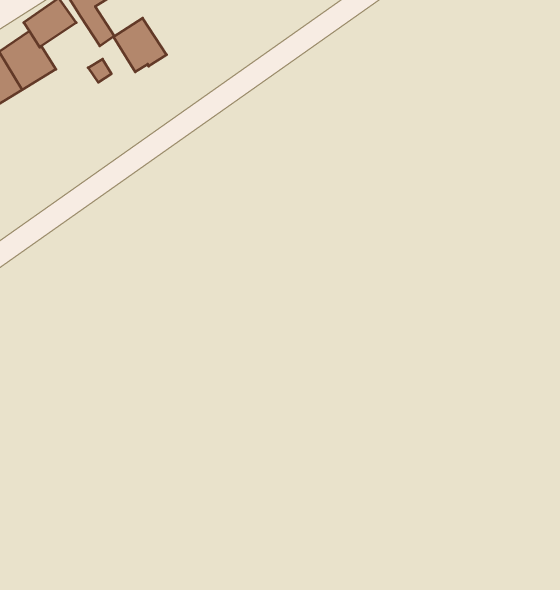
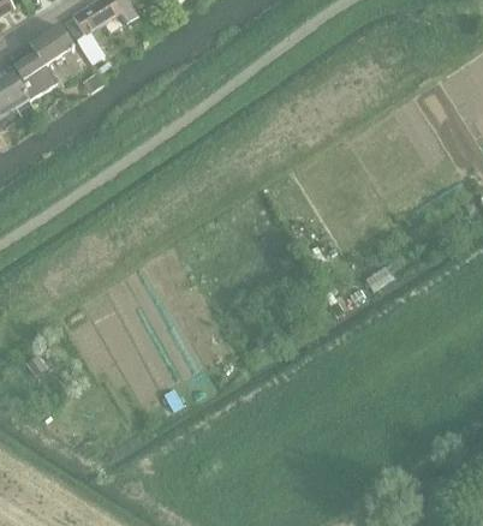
building: [114,18,167,72] -> none

